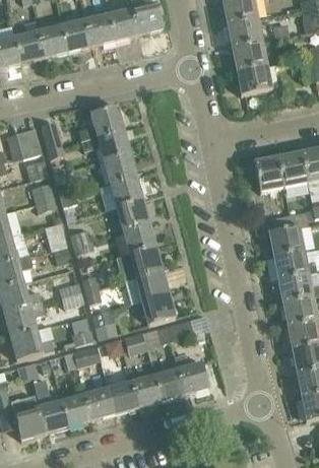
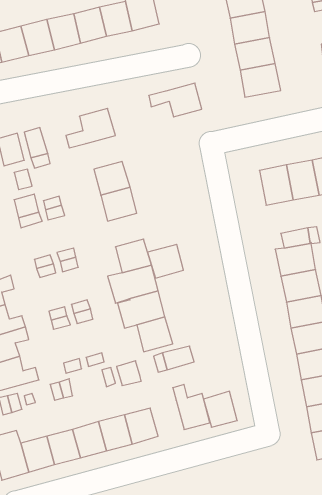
building: [82,129,130,159] -> [149,83,202,117]
building: [117,199,149,229] -> [147,244,183,278]
building: [155,367,186,400] -> [204,391,237,427]

